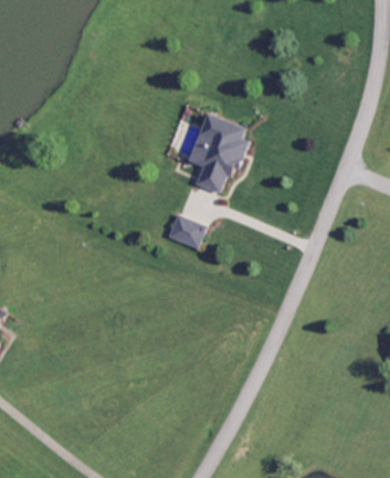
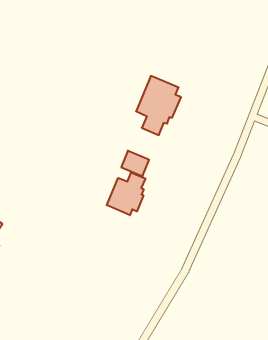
building: none -> [107,173,145,215]

